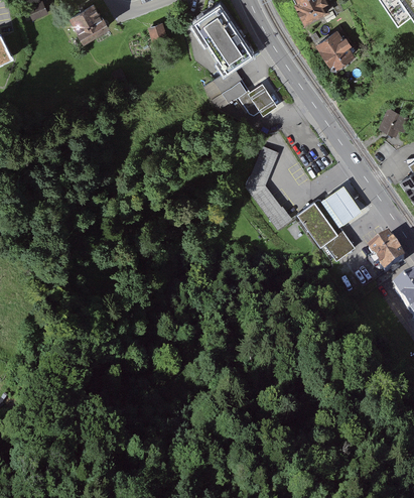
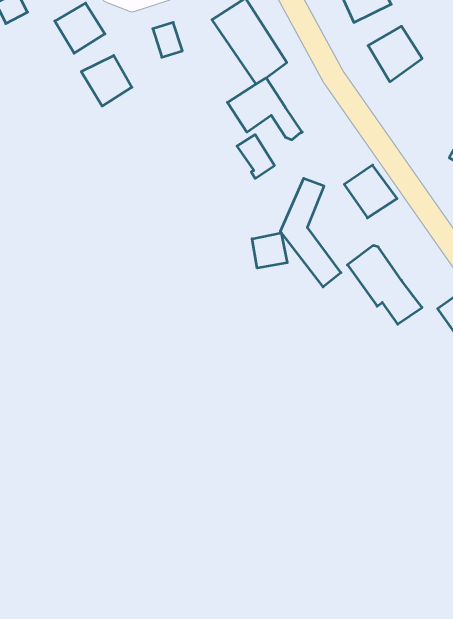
building: none -> [81,55,132,106]
building: [249,81,278,115] -> [237,135,274,178]
building: [321,183,363,225] -> [344,165,397,218]
building: none -> [252,233,287,268]

